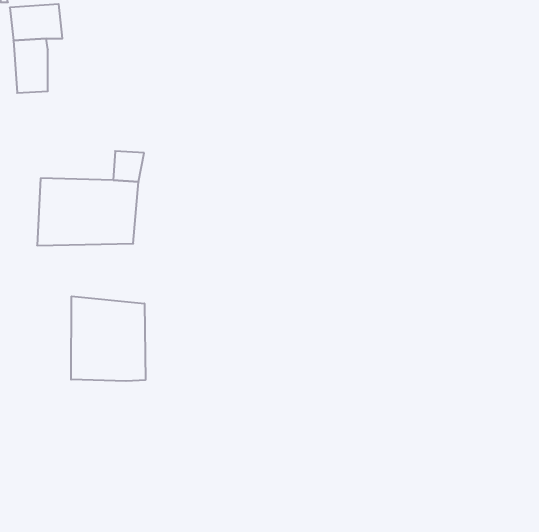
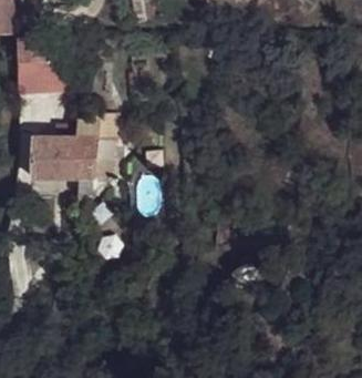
building: [71,296,145,381] -> none

